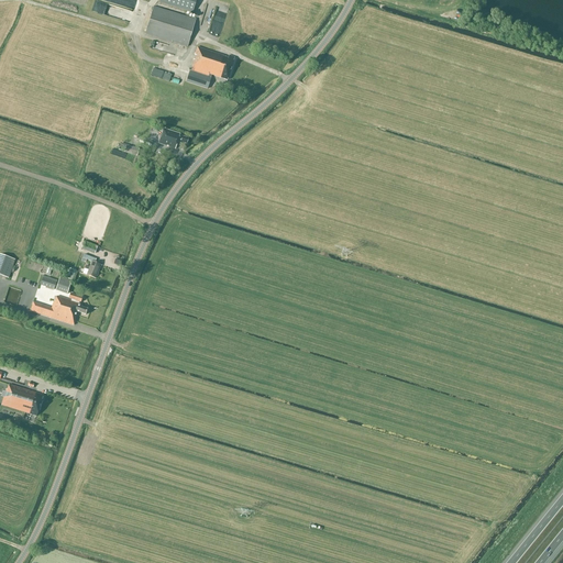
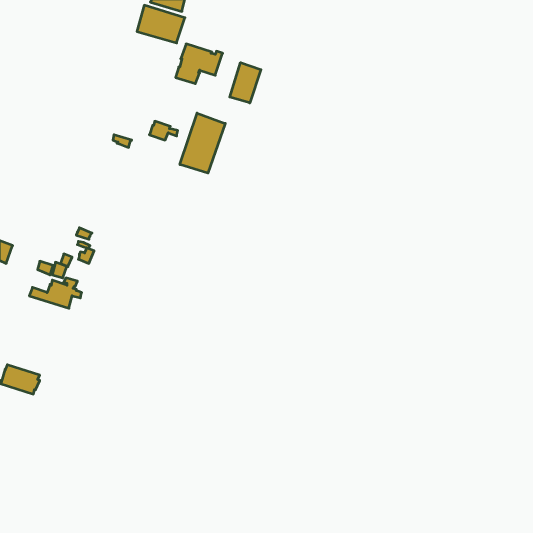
building: none -> [230,63,261,103]
building: none -> [180,113,225,173]

